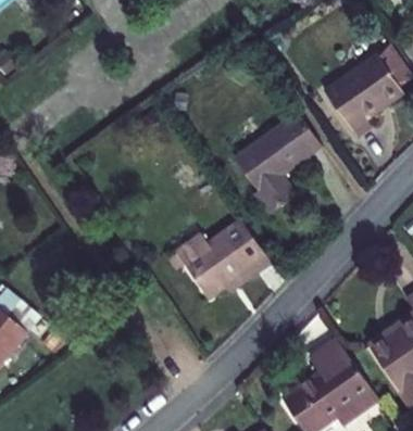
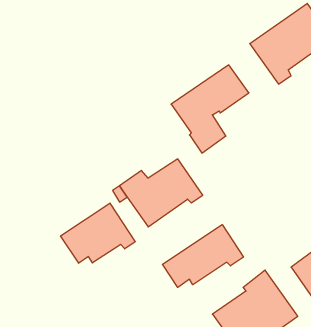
building: none -> [61,203,135,263]
building: none -> [162,225,243,287]

